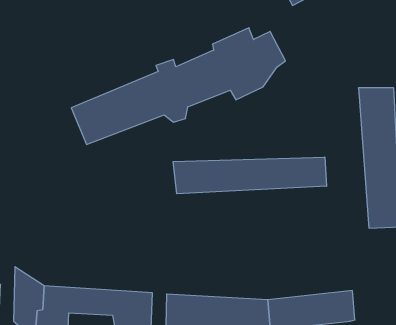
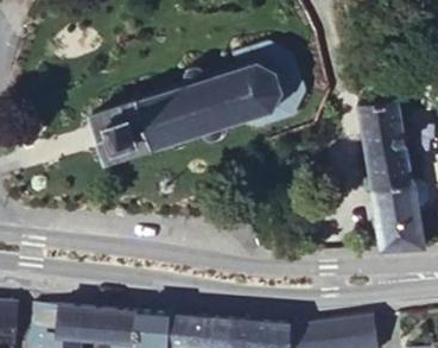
building: [173,157,327,194] -> none

